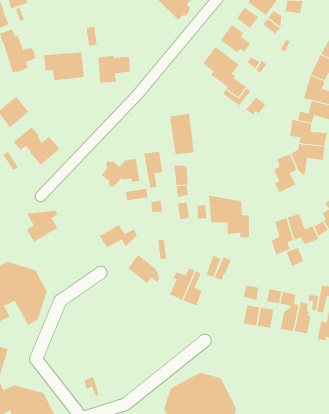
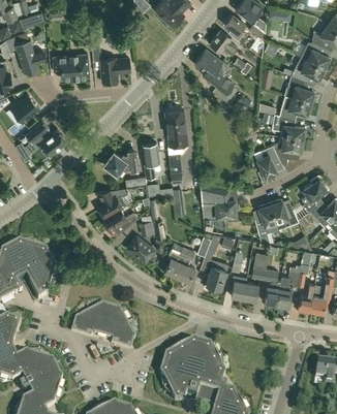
building: [26,210,58,242] -> [97,188,126,217]
building: none -> [205,260,228,289]
building: none -> [71,302,135,348]

